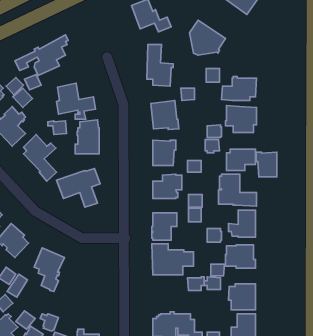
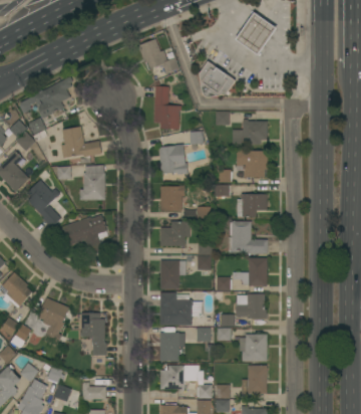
building: [256,152,277,177] -> none
building: none -> [80,314,106,356]
building: none -> [159,333,185,362]

